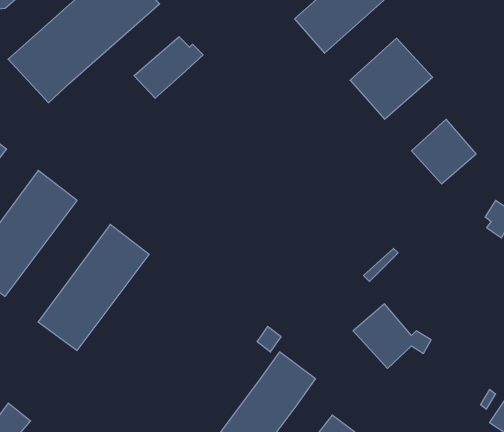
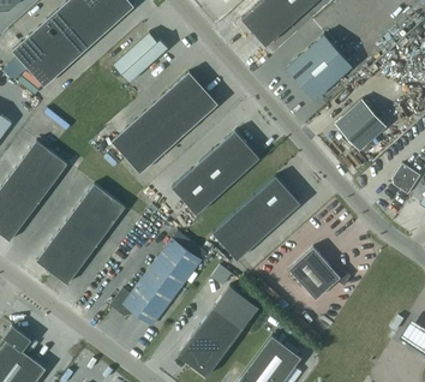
building: none -> [112,72,217,173]
building: none -> [172,131,259,215]
building: none -> [212,177,300,261]
building: none -> [110,239,200,326]

